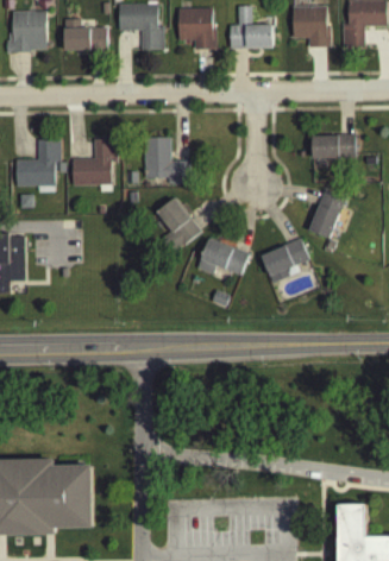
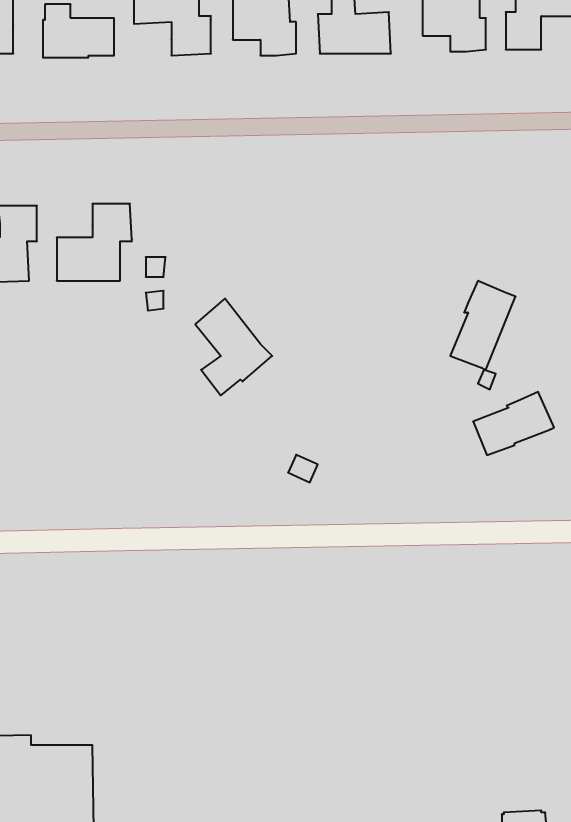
building: [312,134,355,158] -> none
building: [144,137,190,183] -> none
building: [196,238,249,277] -> none
building: [261,238,309,276] -> [473,392,554,455]

